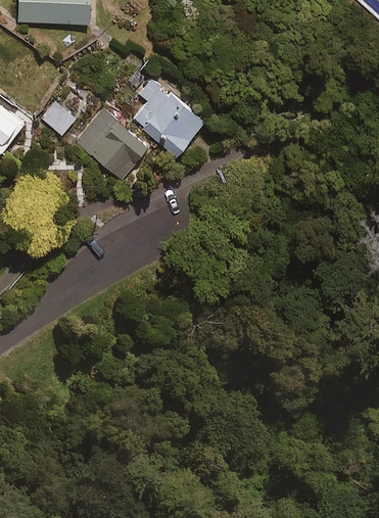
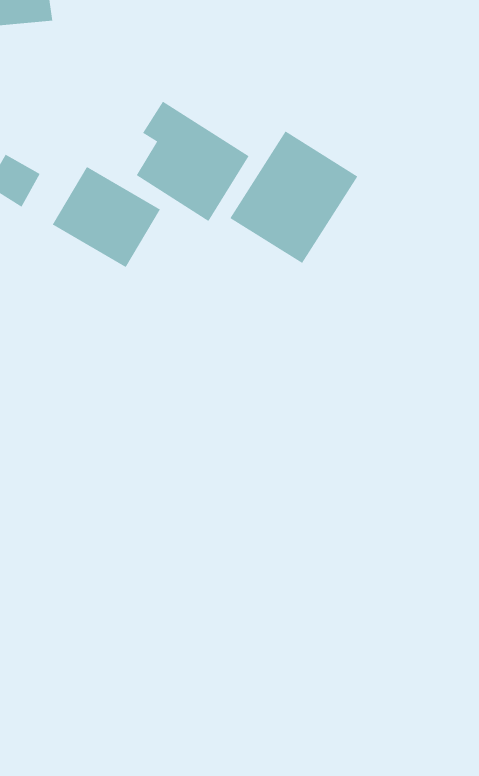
building: none -> [229,131,358,264]

